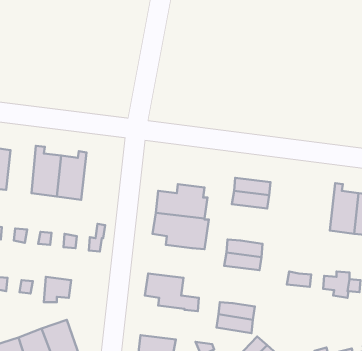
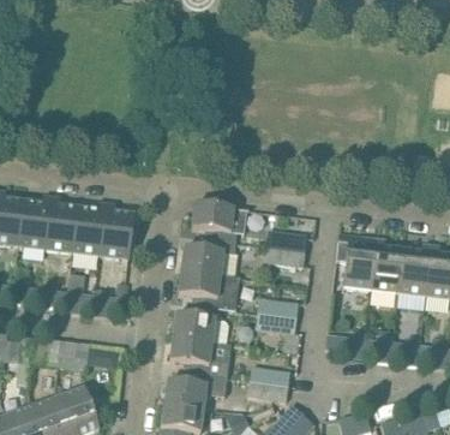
building: none -> [18,196,50,248]
building: none -> [191,202,235,242]
building: none -> [100,203,133,257]
building: none -> [335,233,377,288]
building: none -> [173,304,228,342]
building: none -> [164,370,227,407]

